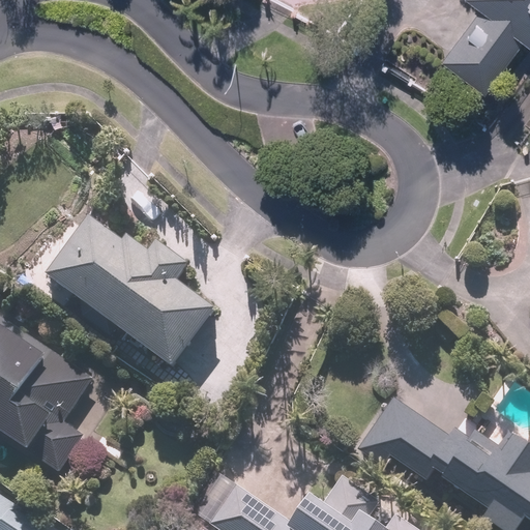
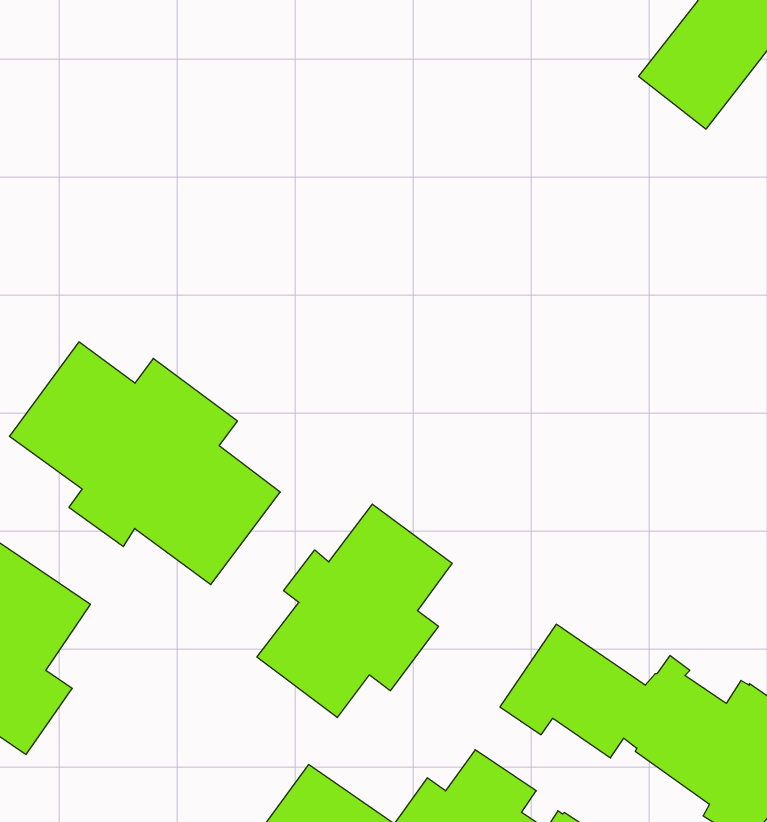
building: none -> [257,504,452,718]

